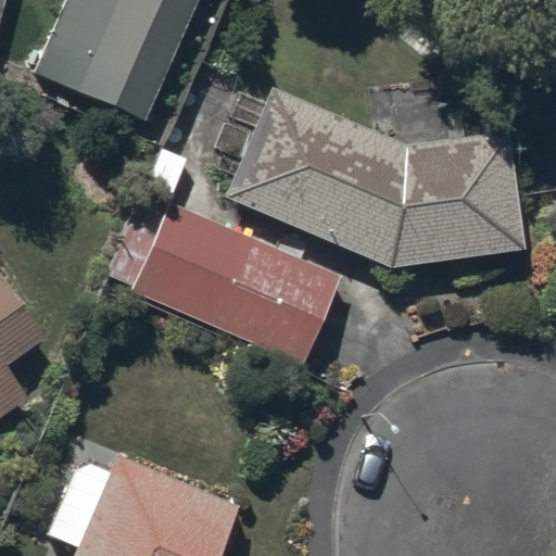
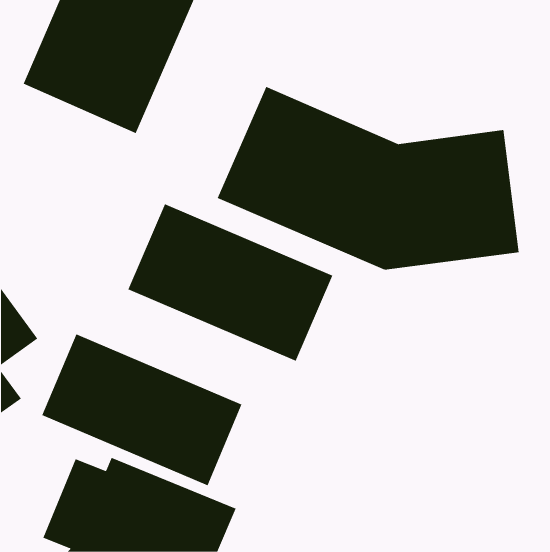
building: none -> [42,334,242,486]

